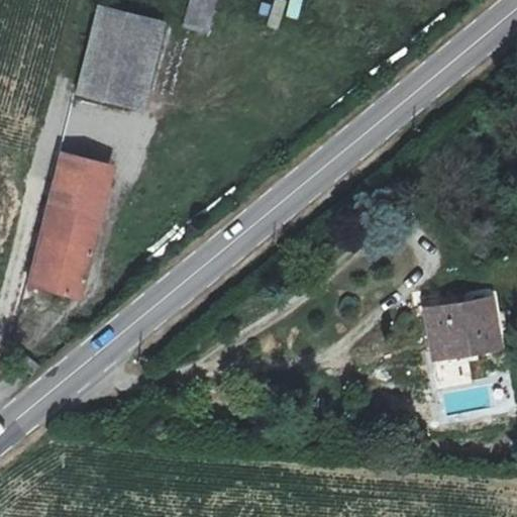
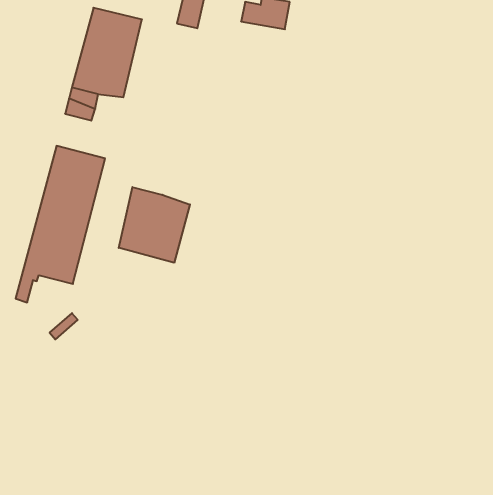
building: none -> [119,187,190,263]
building: [428,296,502,356] -> none

